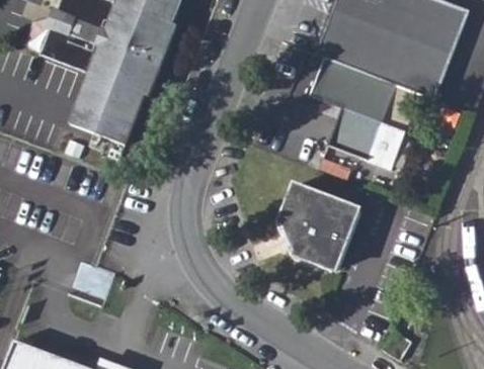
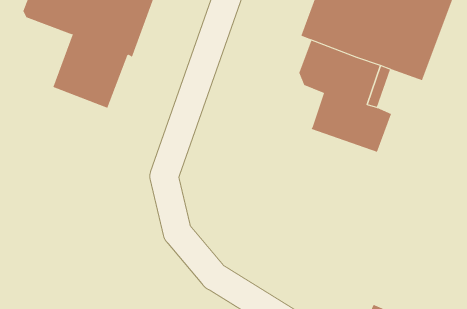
building: [273,178,361,271] -> none

